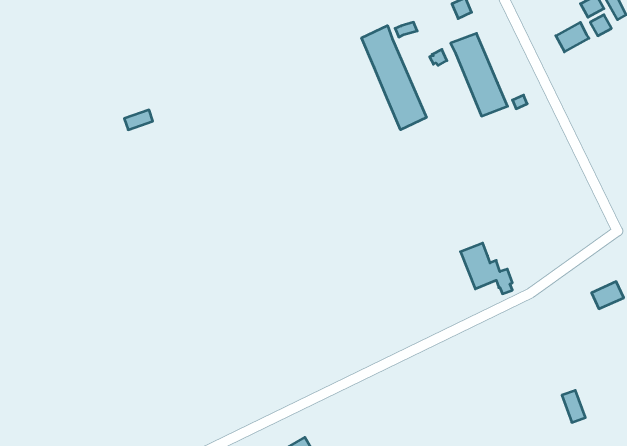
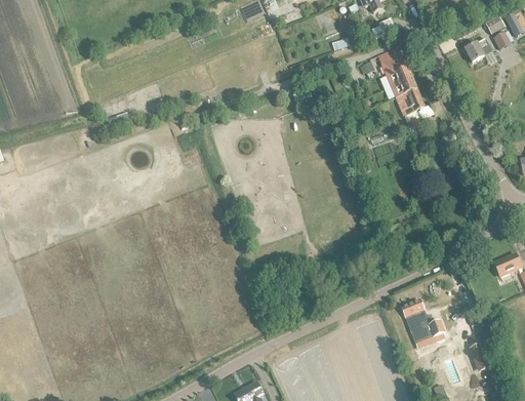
building: [362,26,426,130] -> none
building: [460,243,512,294] -> [401,299,444,342]

